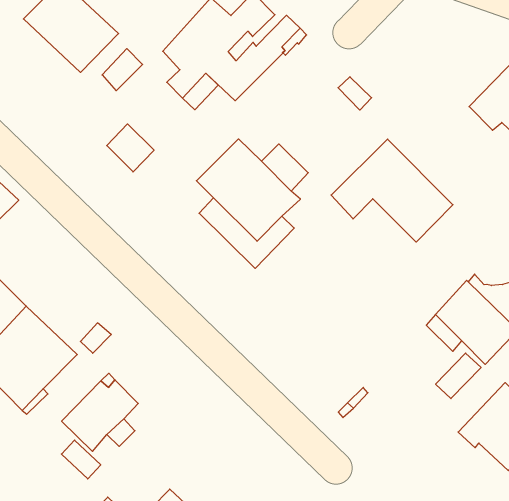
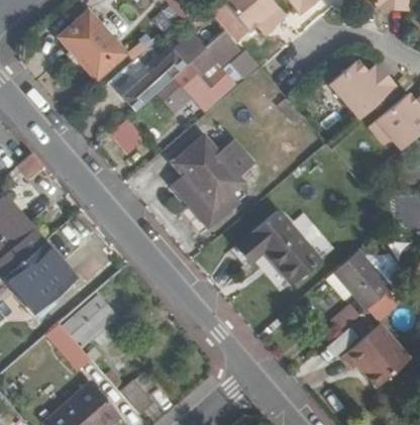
building: none -> [330,59,397,118]
building: [331,139,453,242] -> [234,209,320,284]

